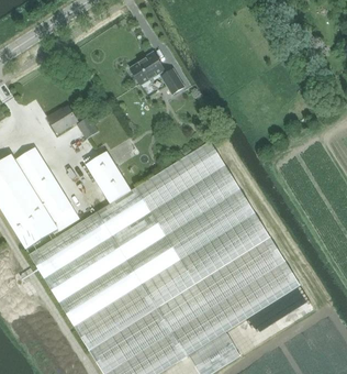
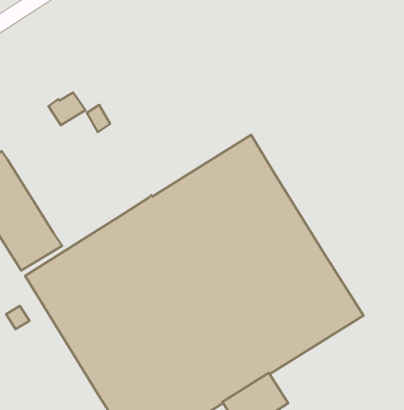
building: [130,52,184,95] -> none
building: [15,147,72,220] -> none
building: [86,152,131,204] -> none

